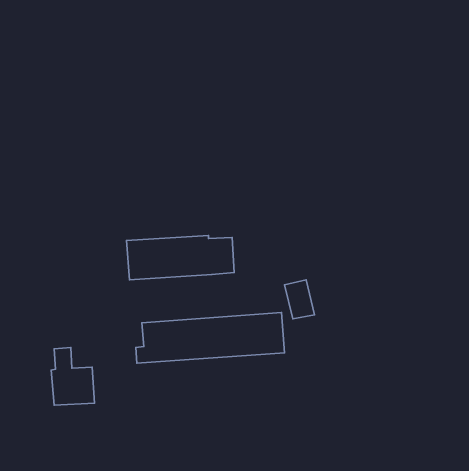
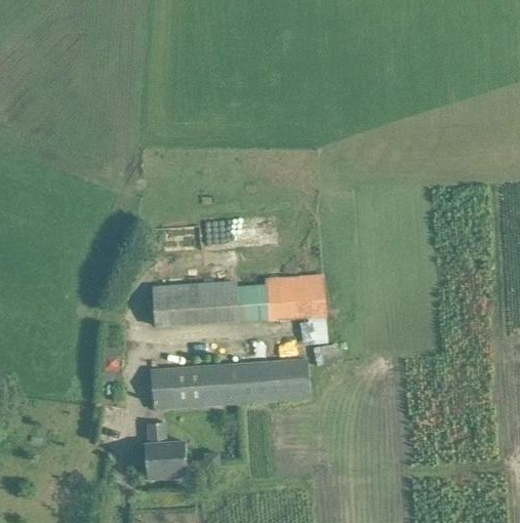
building: none -> [265,275,323,322]
building: [51,348,94,405] -> [143,423,186,480]

